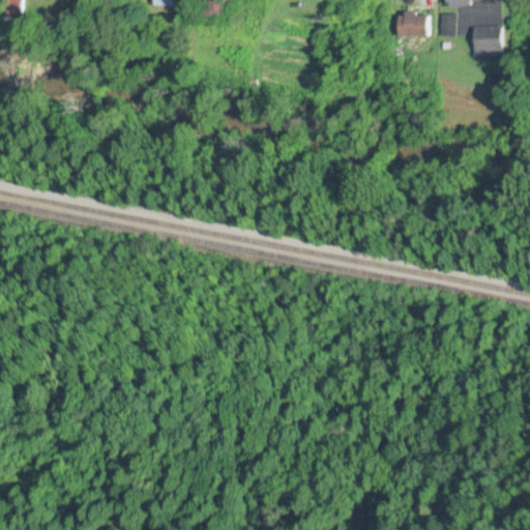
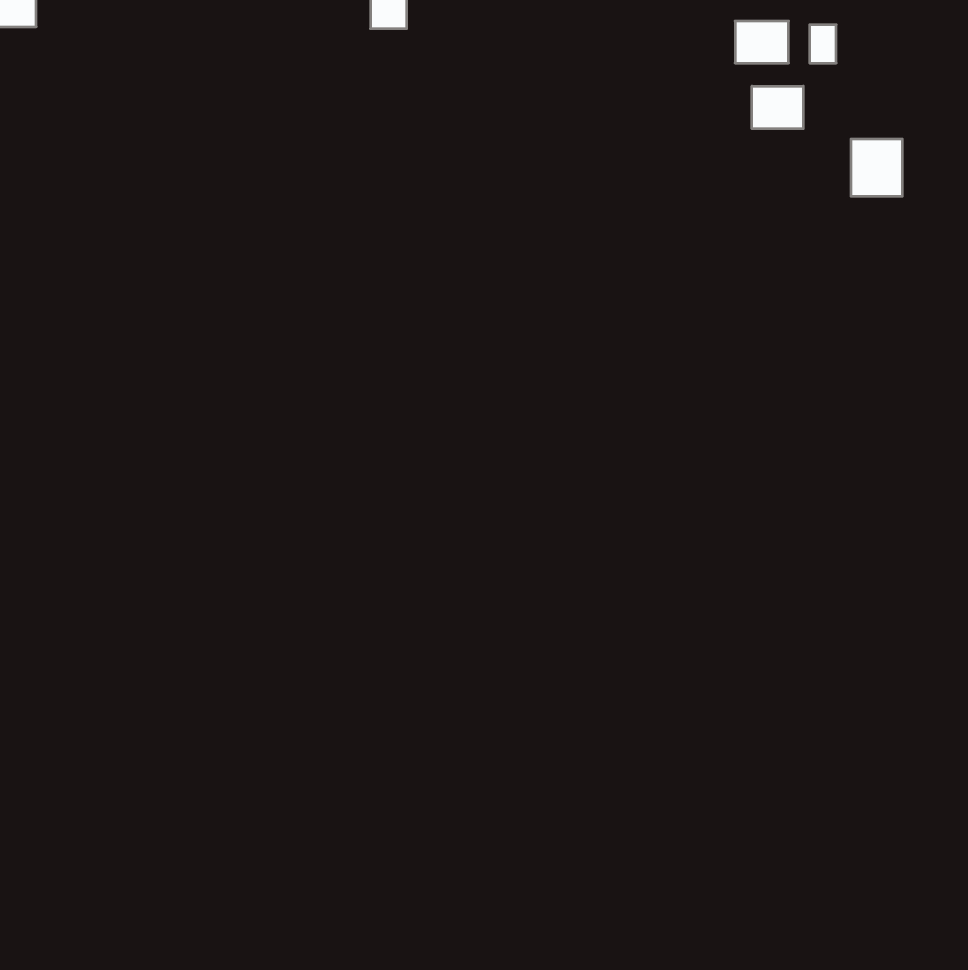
building: [473,25,501,56] -> [851,139,902,196]
building: none -> [752,86,803,129]

